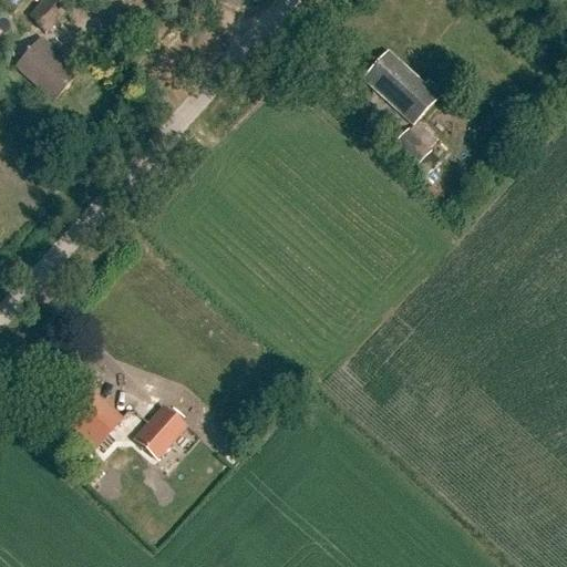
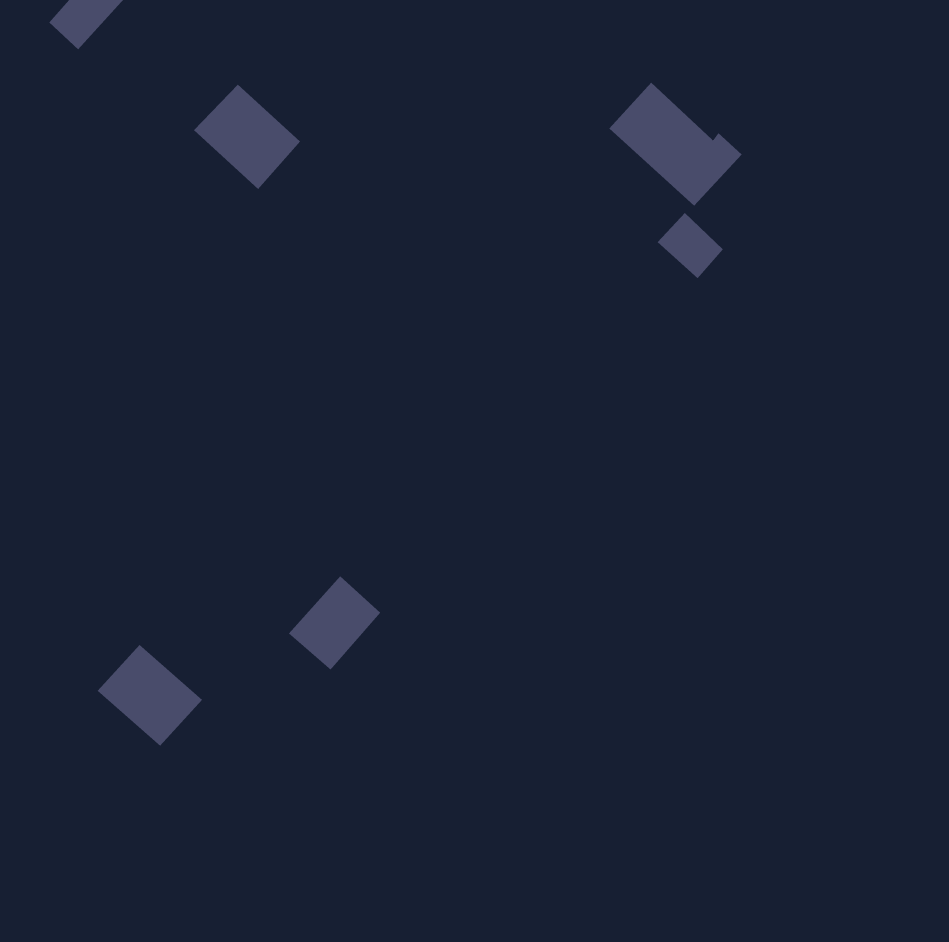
building: [16,35,80,99] -> [193,84,301,190]
building: [133,403,188,460] -> [288,576,381,671]

